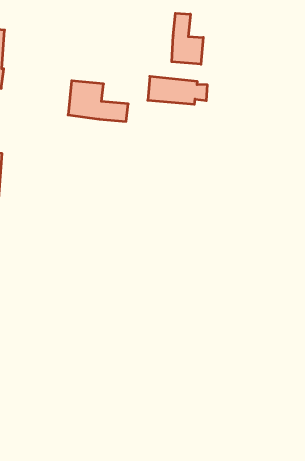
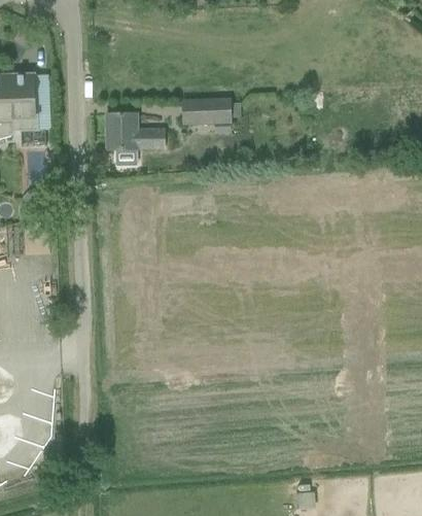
building: [172,13,203,64] -> none

